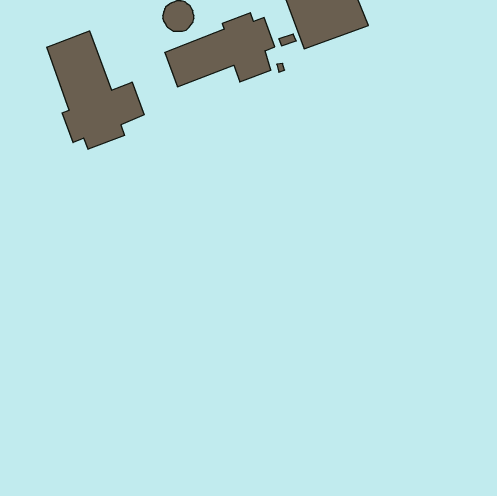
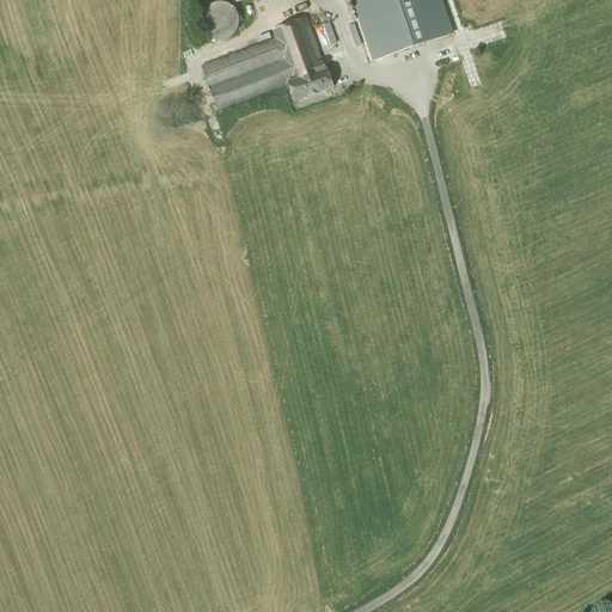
building: [47,31,144,149] -> none

